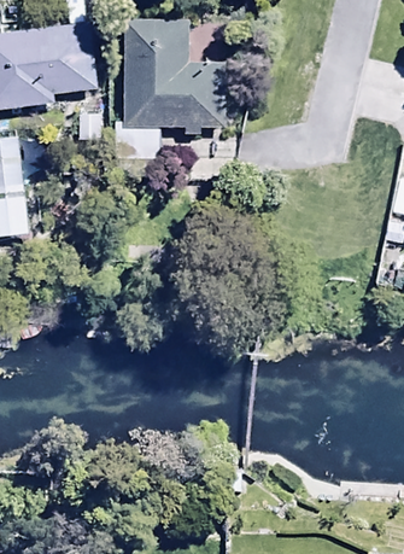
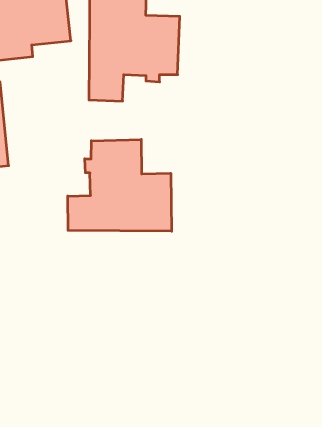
building: none -> [68,139,172,231]

